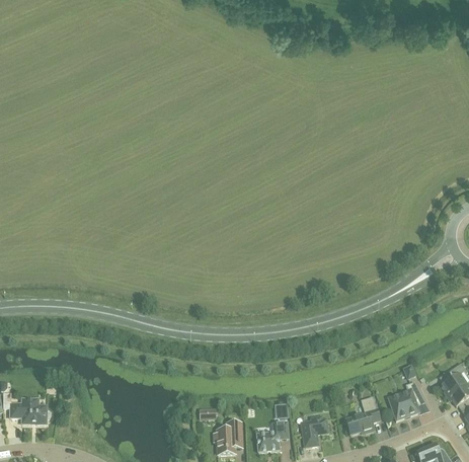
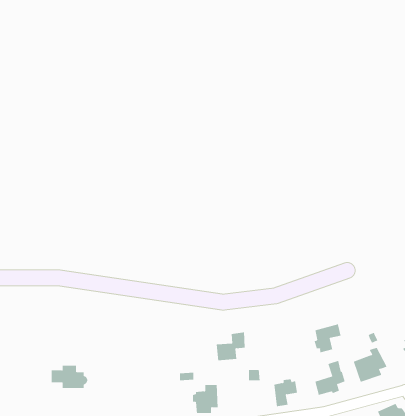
building: none -> [314,324,341,353]
building: [10,398,51,423] -> [51,365,88,389]
building: [256,420,289,452] -> [216,332,246,361]

